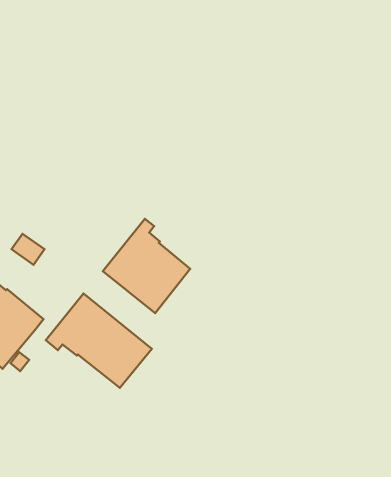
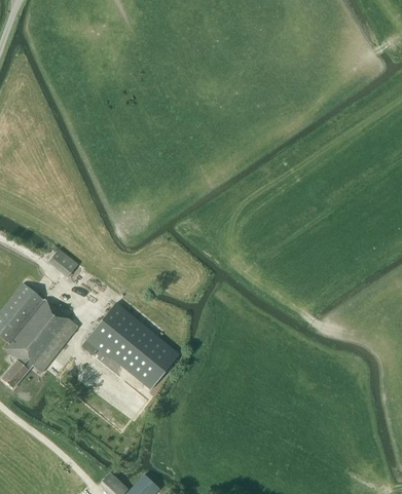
building: [103,219,190,313] -> none

